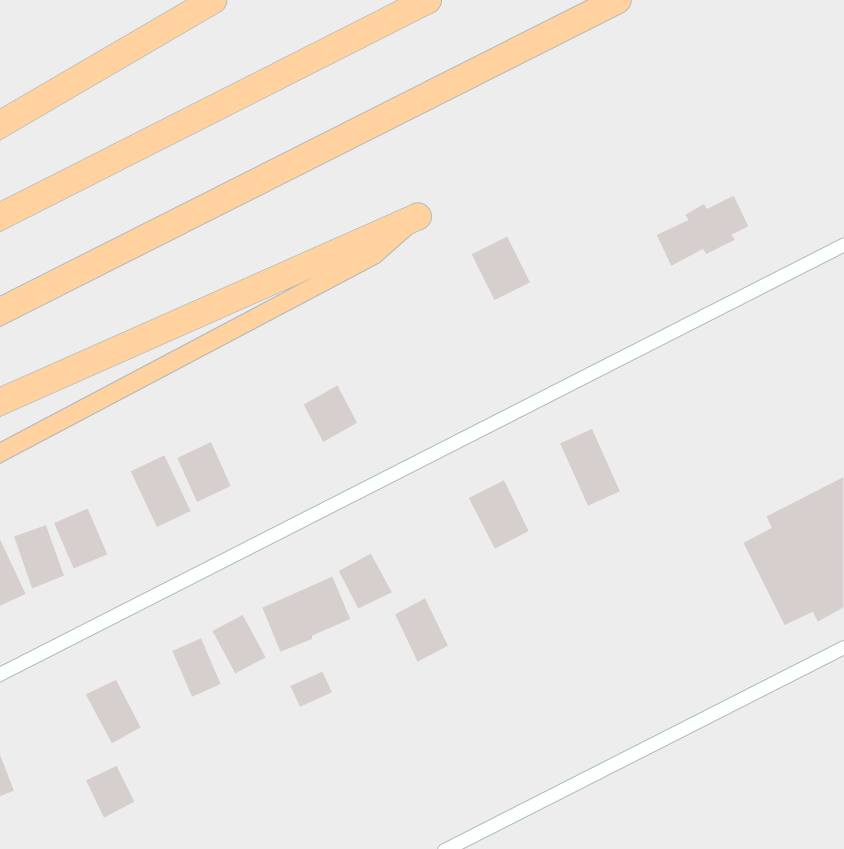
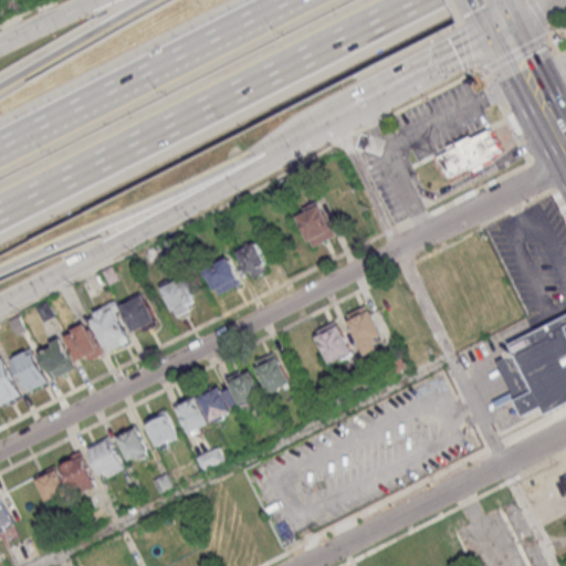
building: [471,236,531,301] -> [294,205,334,248]
building: none -> [237,243,264,277]
building: none -> [158,277,195,317]
building: [559,428,621,506] -> [343,304,384,356]
building: none -> [61,323,99,366]
building: [394,598,449,663] -> [251,352,287,395]
building: none -> [85,437,122,480]
building: [85,765,135,819] -> [32,468,65,503]

